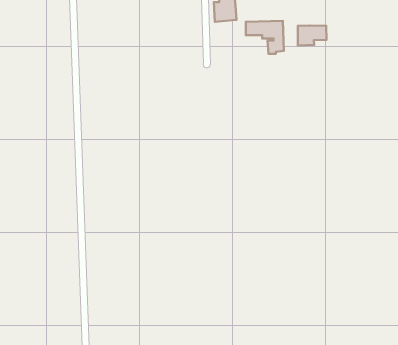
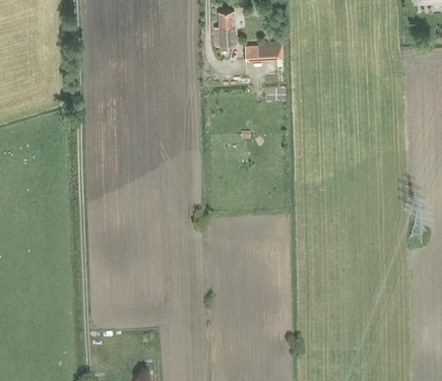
building: [298,26,327,46] -> none

